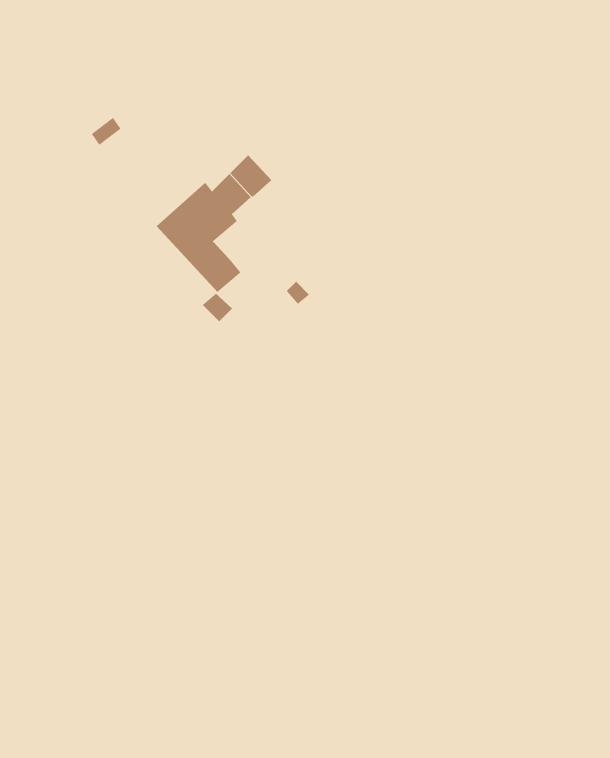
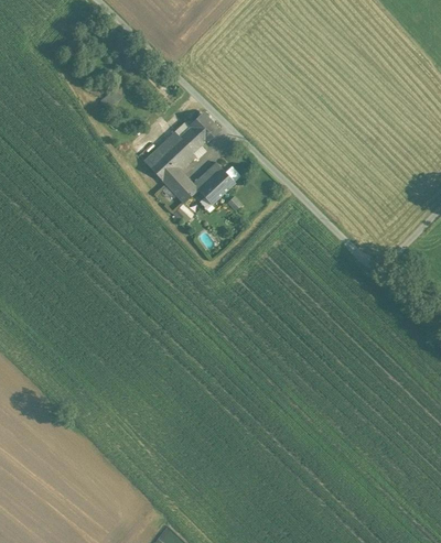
building: none -> [192,162,234,204]

